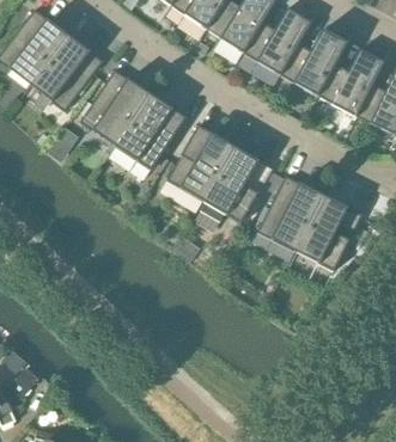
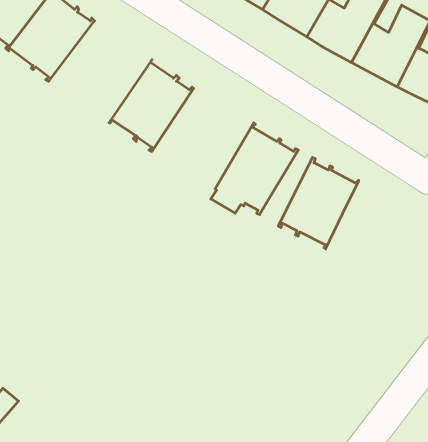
building: [79,69,151,146] -> none
building: [166,124,236,201] -> none
building: [296,195,363,270] -> none

